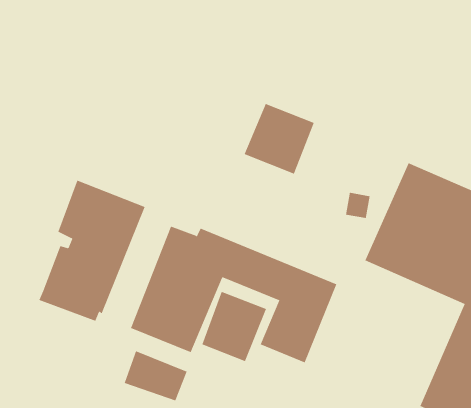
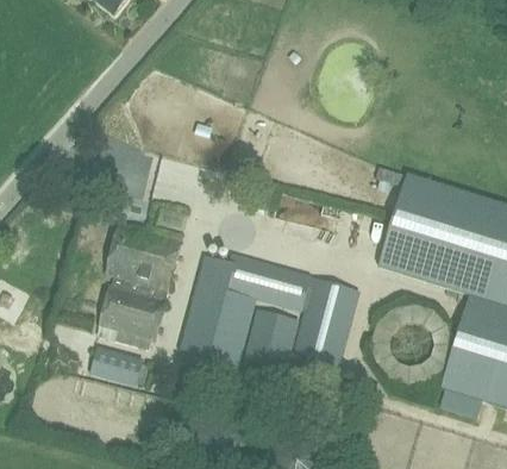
building: [244,103,315,175] -> none
building: [124,351,187,401] -> [87,344,142,384]

